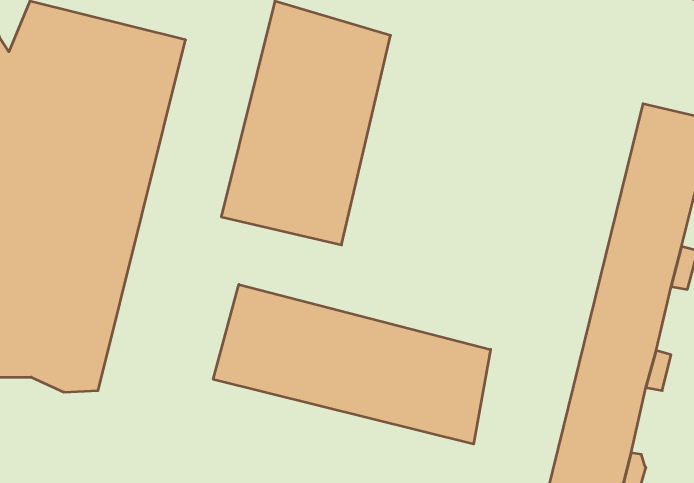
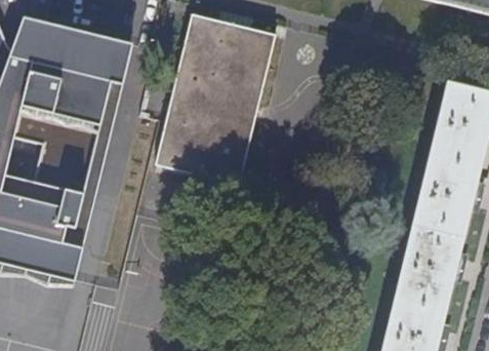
building: [213,284,491,444] -> none

